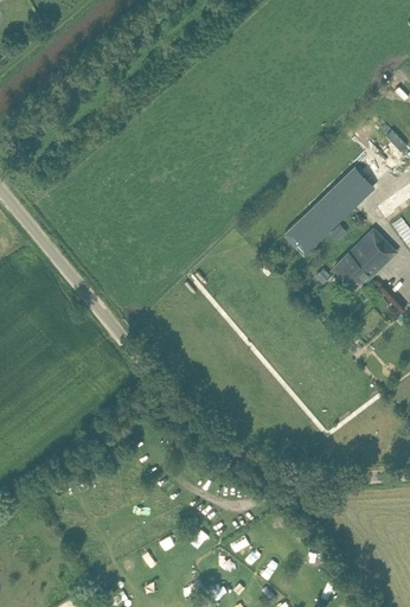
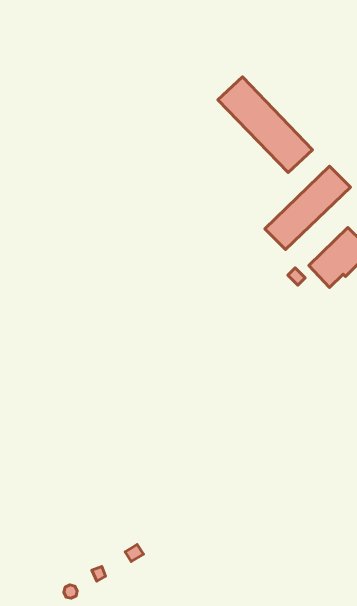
building: none -> [218,77,313,172]

